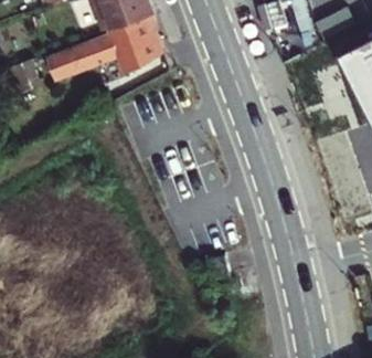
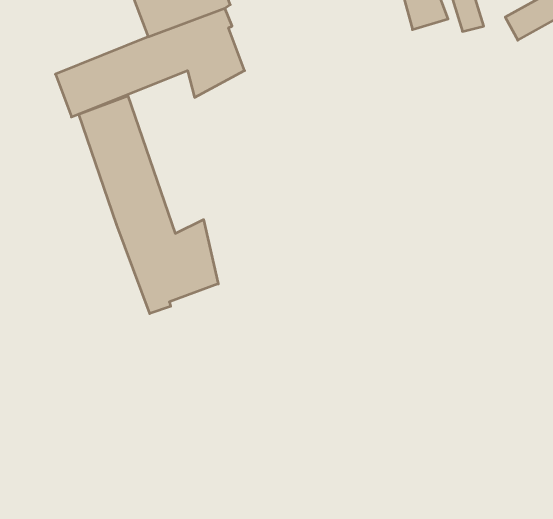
building: none -> [79,96,218,314]

